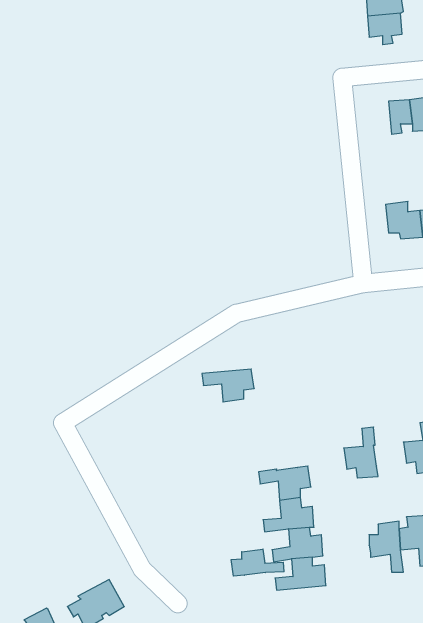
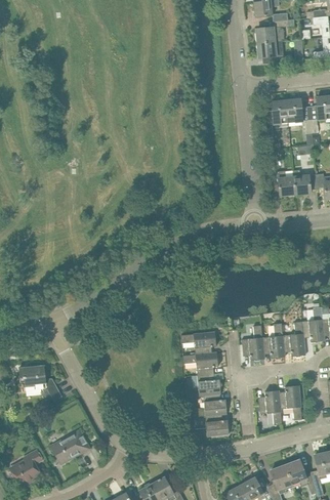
building: [202,369,254,402] -> [180,332,216,355]
building: none -> [261,323,285,359]
building: none -> [18,365,61,403]
building: [231,549,284,576] -> none

